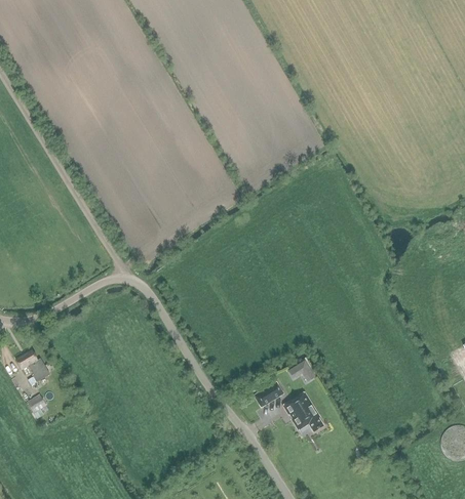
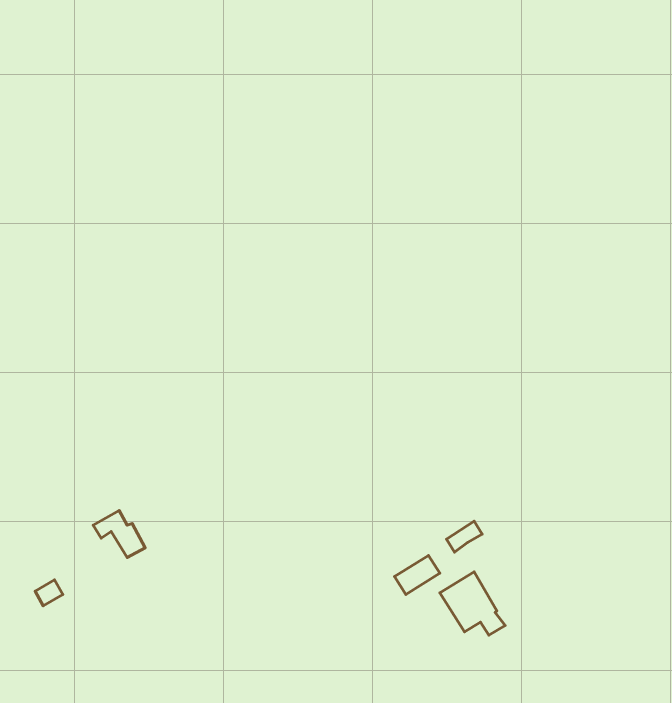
building: [16,351,49,381] -> [93,510,145,558]

